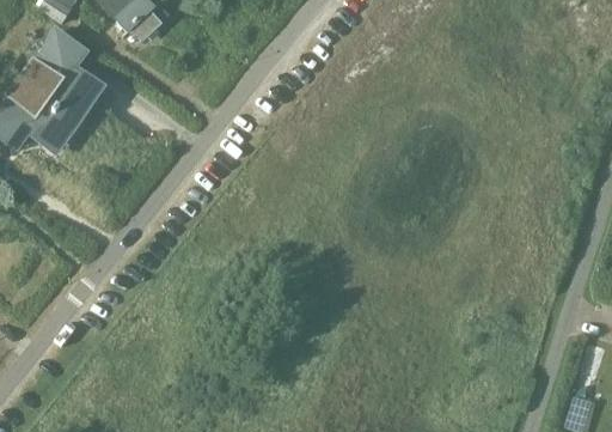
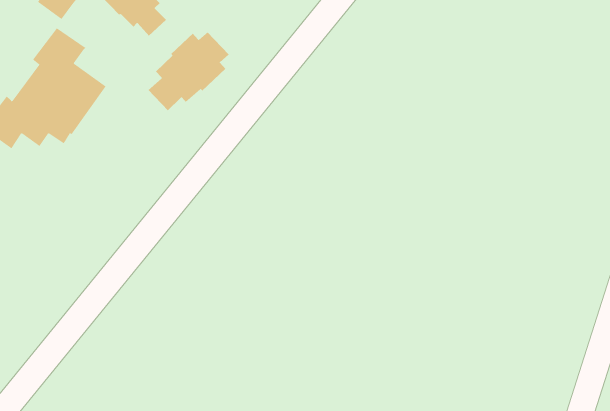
building: none -> [148,31,229,111]

